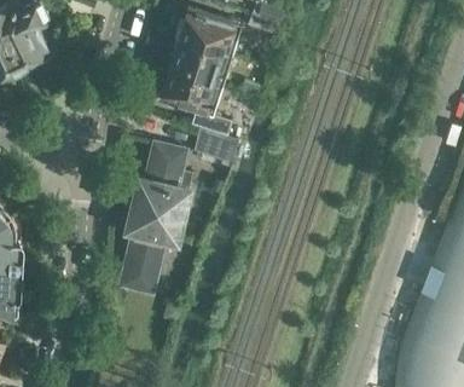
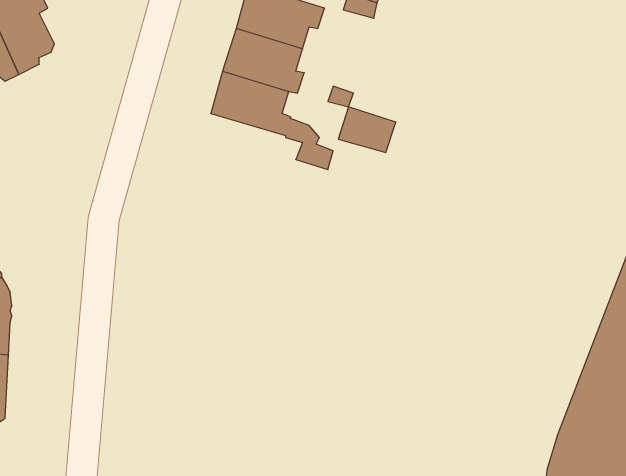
building: [199,131,240,163] -> [338,107,396,153]
building: [123,140,196,293] -> none

